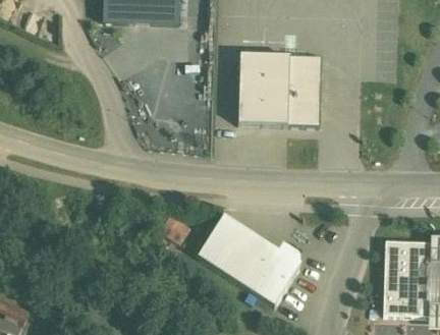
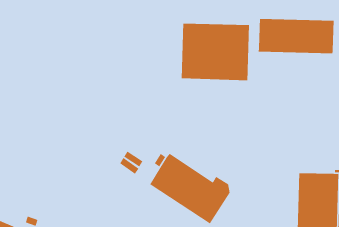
building: none -> [258,18,334,54]

